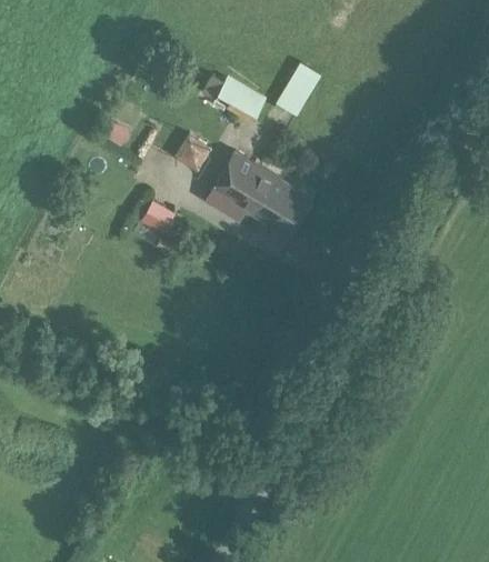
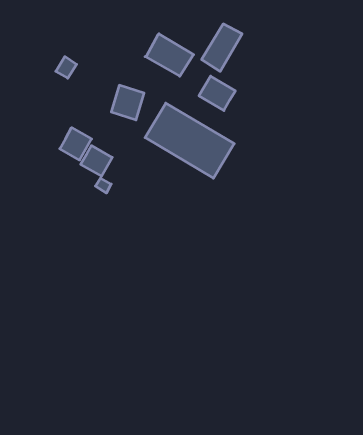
building: none -> [199,76,235,111]
building: none -> [60,128,92,160]

